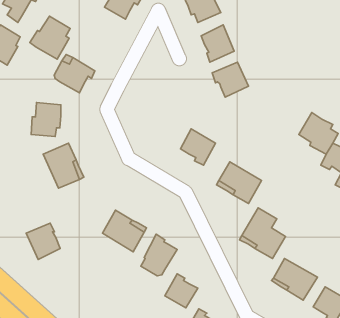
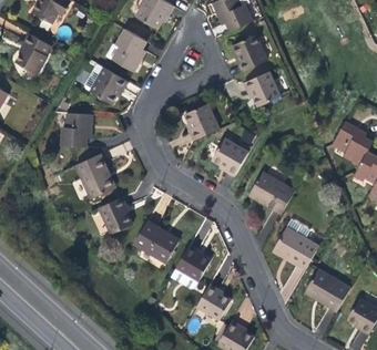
building: [30,16,70,59] -> [105,28,146,71]
building: none -> [184,103,217,140]
building: [26,223,60,259] -> [96,197,131,234]

